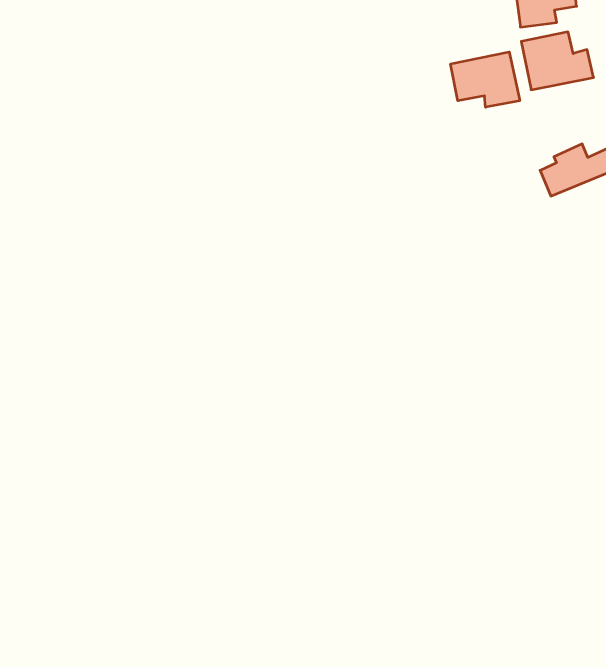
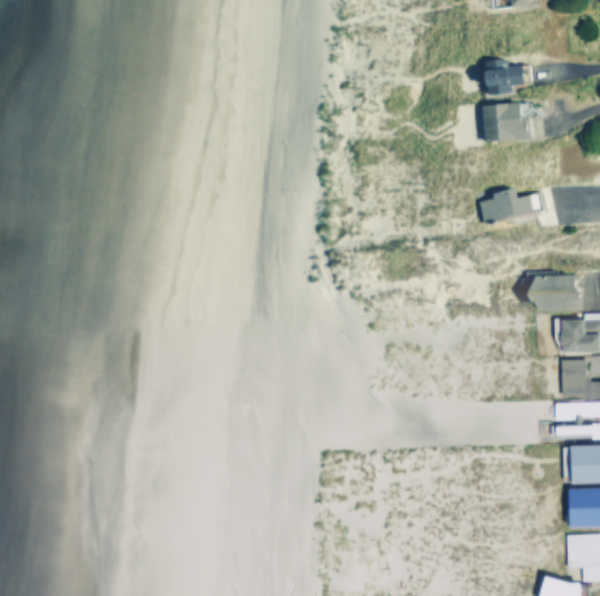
building: [451,52,520,107] -> none

